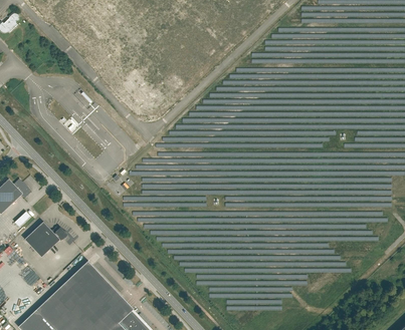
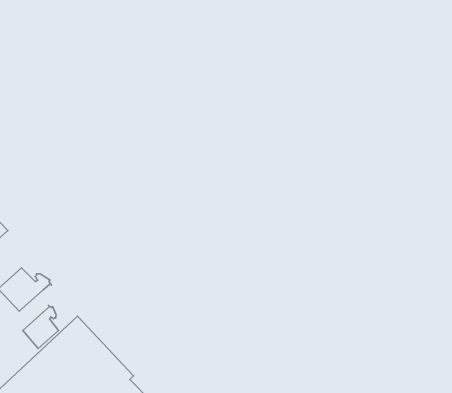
building: none -> [23,305,59,349]

